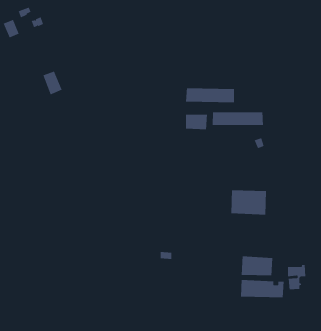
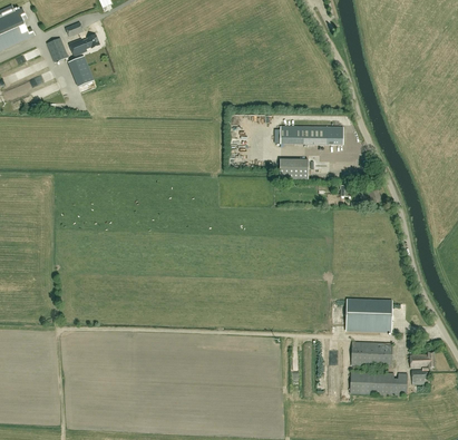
building: [42,71,63,95] -> [68,56,94,87]
building: [212,112,264,126] -> none
building: [230,190,267,215] -> [344,300,391,332]

